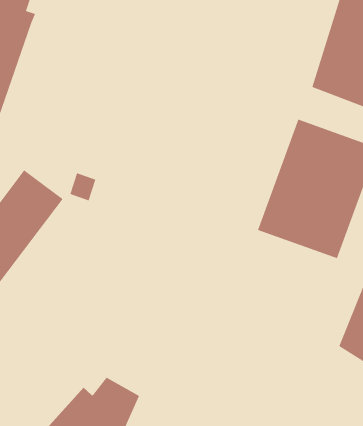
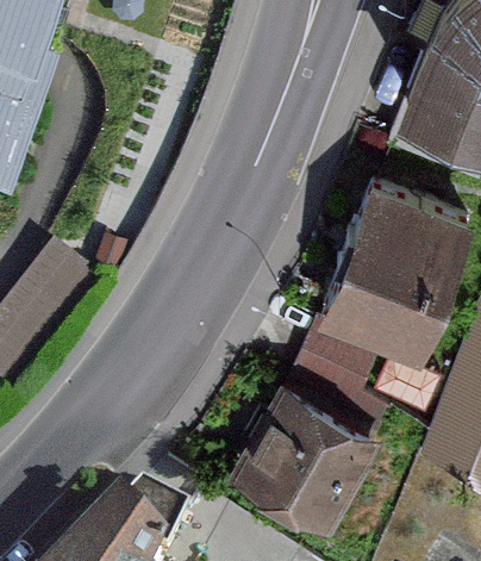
building: none -> [293,312,382,397]
building: none -> [231,378,377,521]

